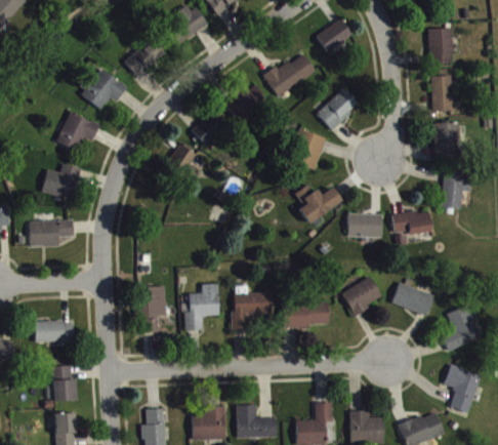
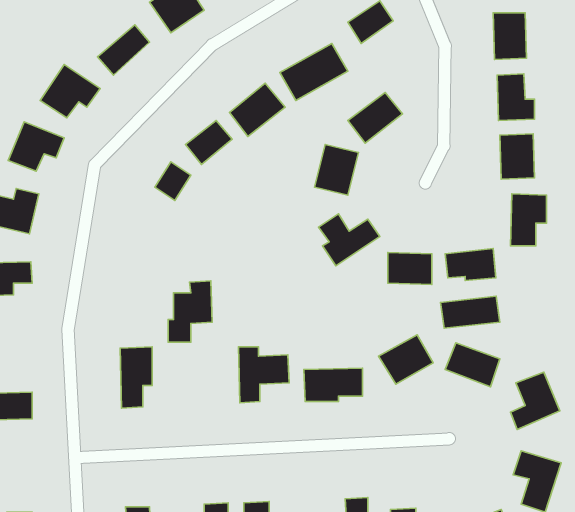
building: none -> [440,296,500,328]
building: [185,284,219,331] -> [168,281,212,342]
building: [53,366,77,402] -> none

